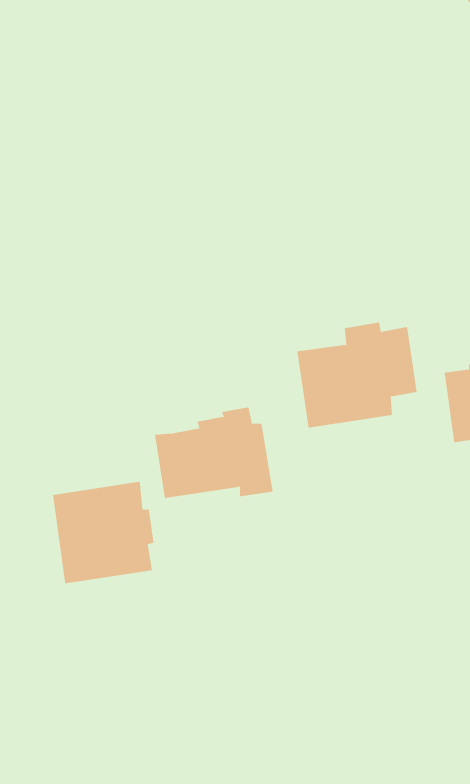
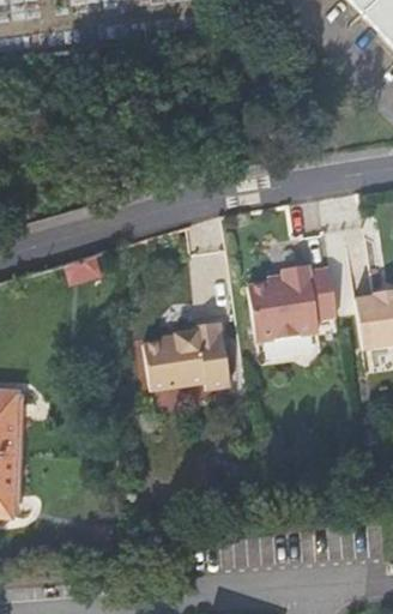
building: [53,481,154,584] -> none

